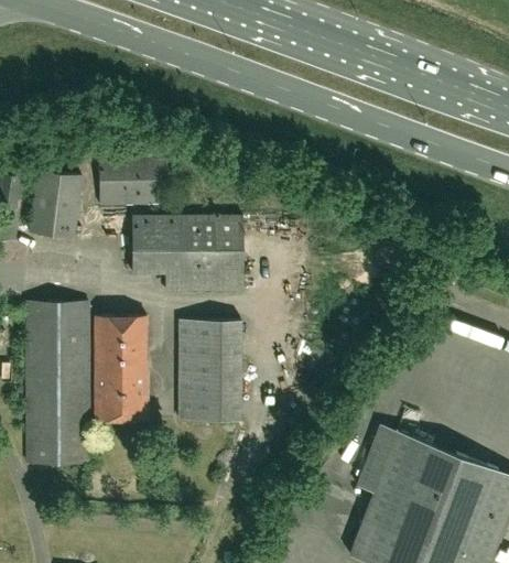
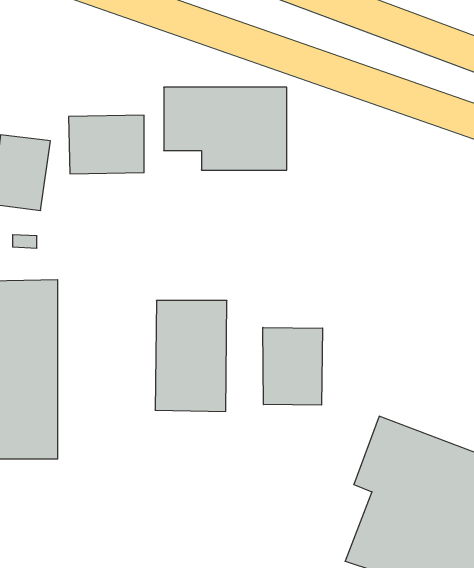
building: [131,216,242,291] -> [164,87,287,170]
building: [95,315,147,420] -> none
building: none -> [263,327,323,405]

